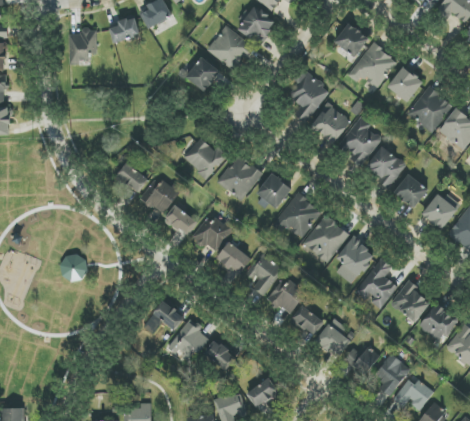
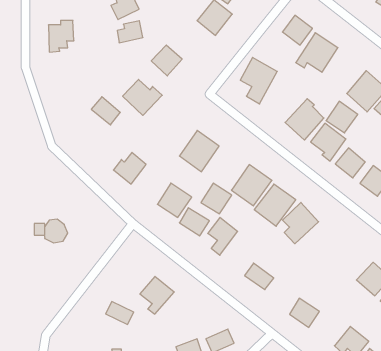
building: [110,17,139,42] -> [117,21,143,43]
building: [207,25,253,71] -> none
building: [387,66,423,102] -> [326,101,358,133]
building: [310,104,350,144] -> none
building: [183,138,228,179] -> [123,79,162,115]
building: [115,162,148,194] -> [91,97,120,125]
building: [256,173,291,208] -> [201,183,232,214]
building: [164,205,197,236] -> none
building: [355,257,397,310] -> none
building: [267,279,306,314] -> none
building: [390,280,430,323] -> none
building: [152,302,184,328] -> [106,302,134,324]
building: [316,318,350,357] -> none
building: [204,340,237,372] -> none
building: [373,354,411,396] -> none

